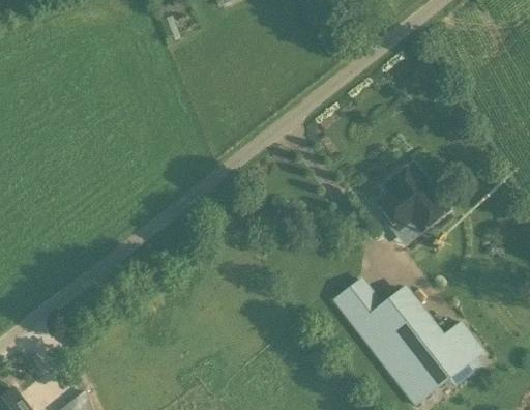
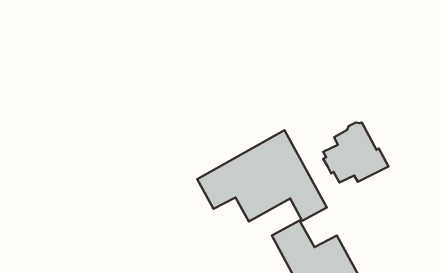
building: none -> [197,130,327,221]

